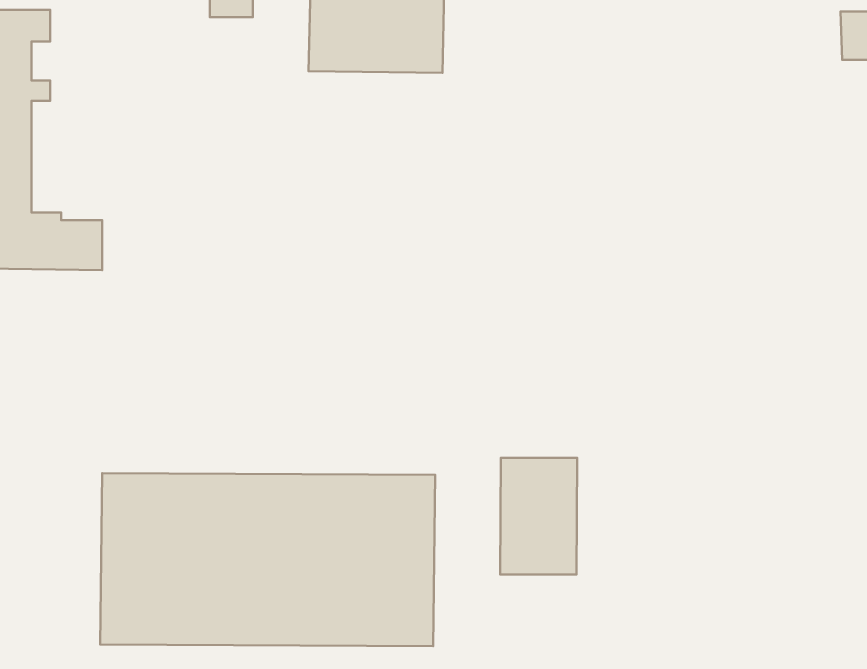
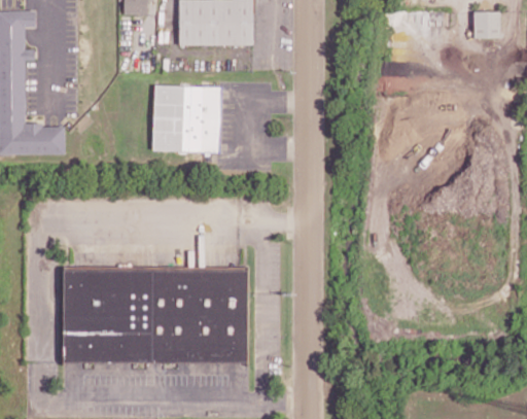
building: none -> [151,85,219,152]
building: [500,458,577,575] -> none

